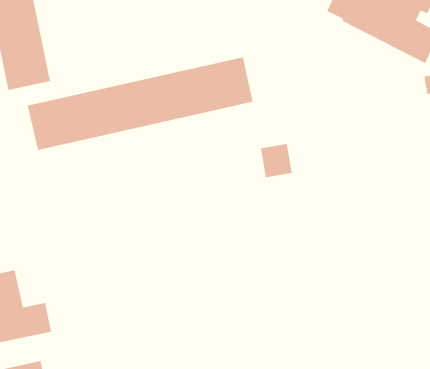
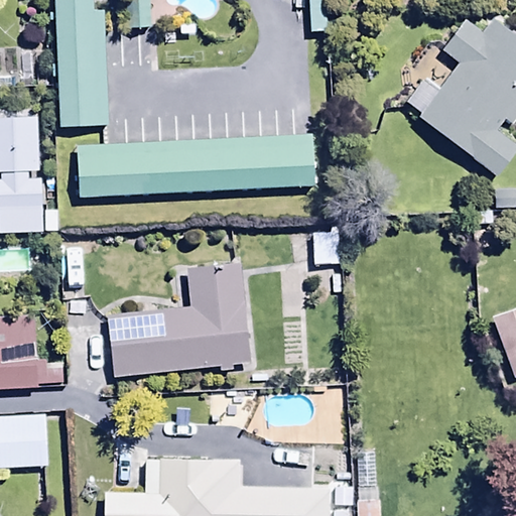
building: none -> [108,262,251,377]

